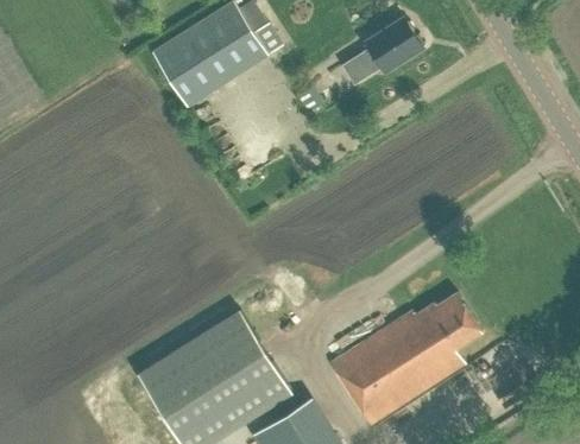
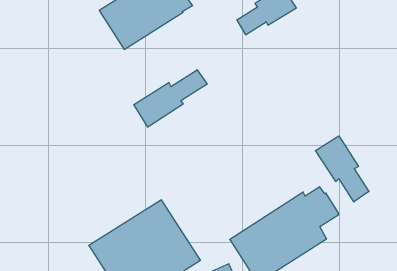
building: none -> [134,70,207,127]
building: none -> [315,136,369,202]

